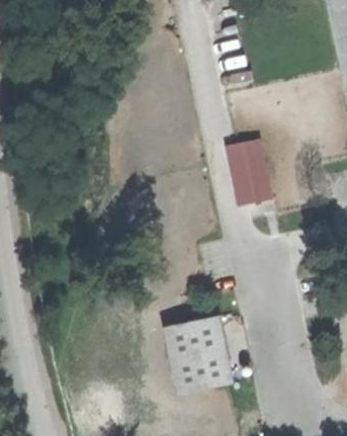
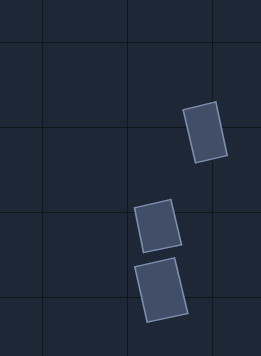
building: none -> [134,200,182,253]

